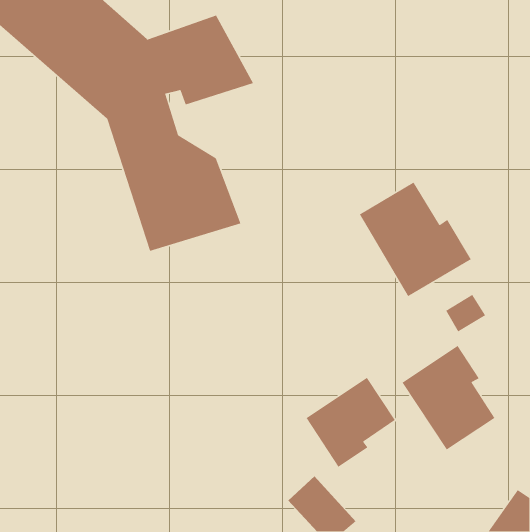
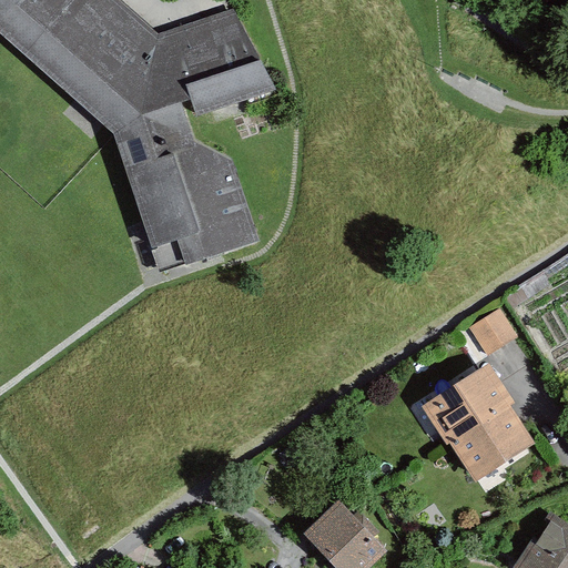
building: [359,181,472,297] -> none
building: [305,377,396,468] -> none

